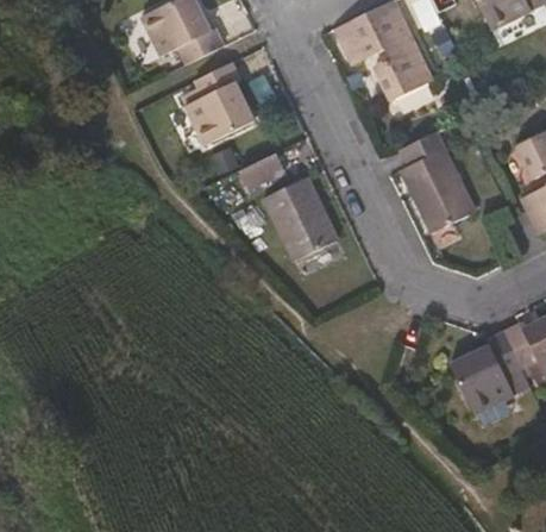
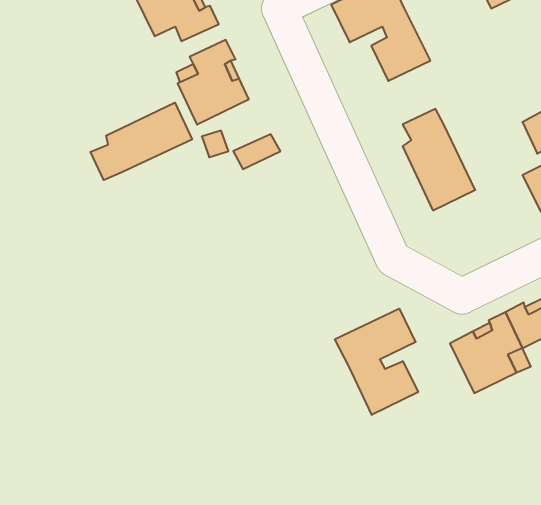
building: none -> [90,103,192,180]
building: [265,180,338,261] -> none
building: none -> [335,309,418,415]

